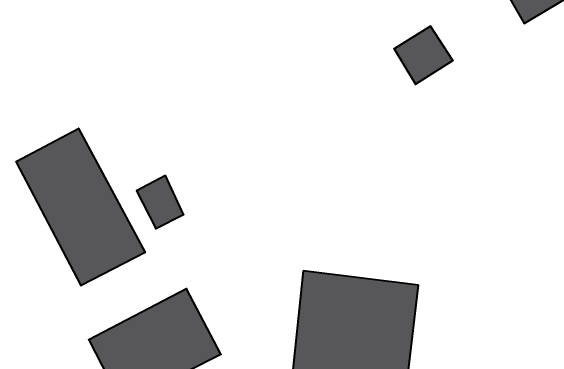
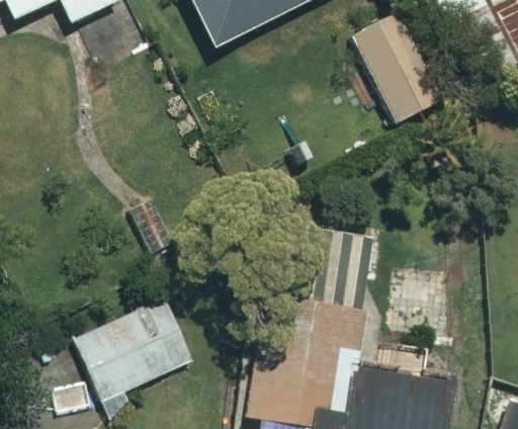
building: [16,128,145,286] -> none

